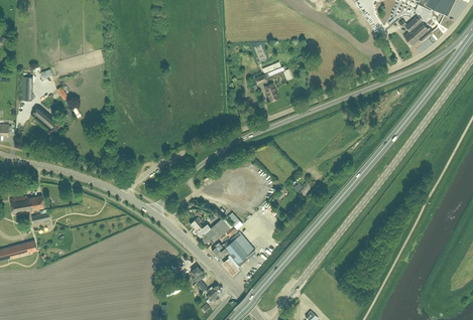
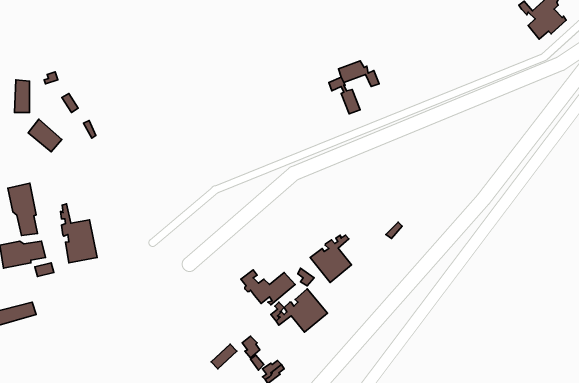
building: none -> [8,183,38,236]
building: none -> [61,204,97,263]
building: none -> [310,235,352,282]

